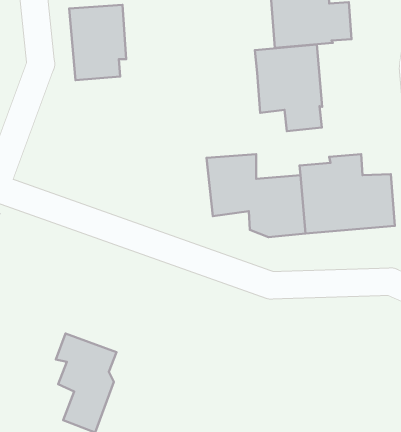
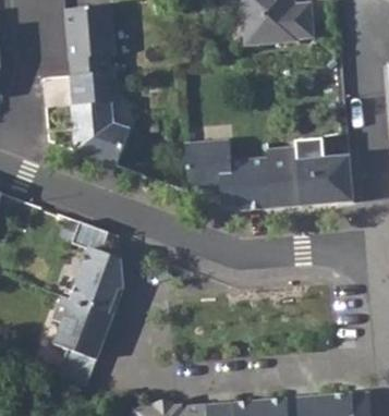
building: [255,44,322,131] -> none
building: none -> [70,70,130,164]
building: none -> [70,219,123,315]

